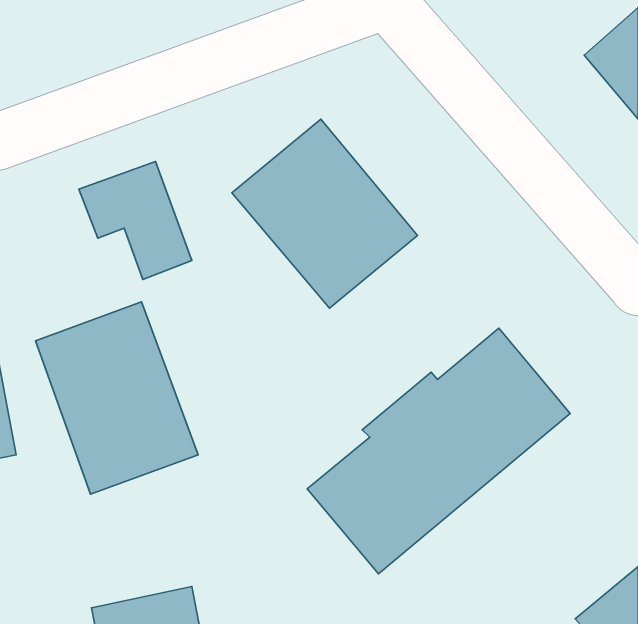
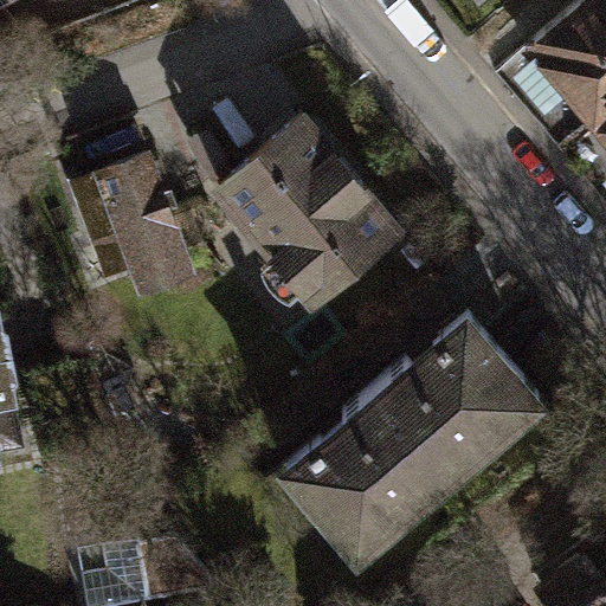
building: [36,302,198,494] -> none

